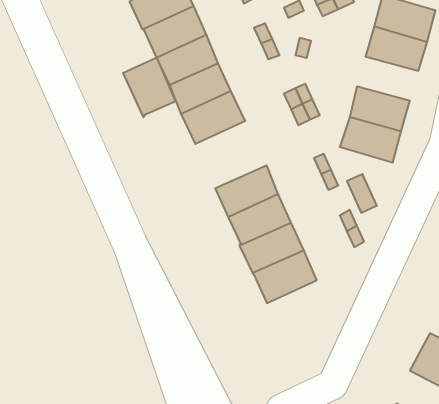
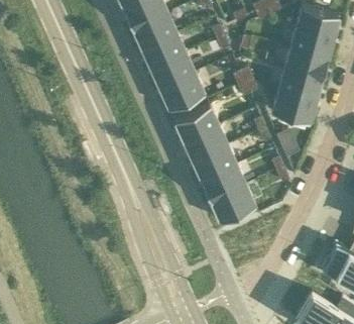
building: none -> [283,48,328,80]
building: [123,58,176,117] -> none
building: none -> [174,105,220,141]

